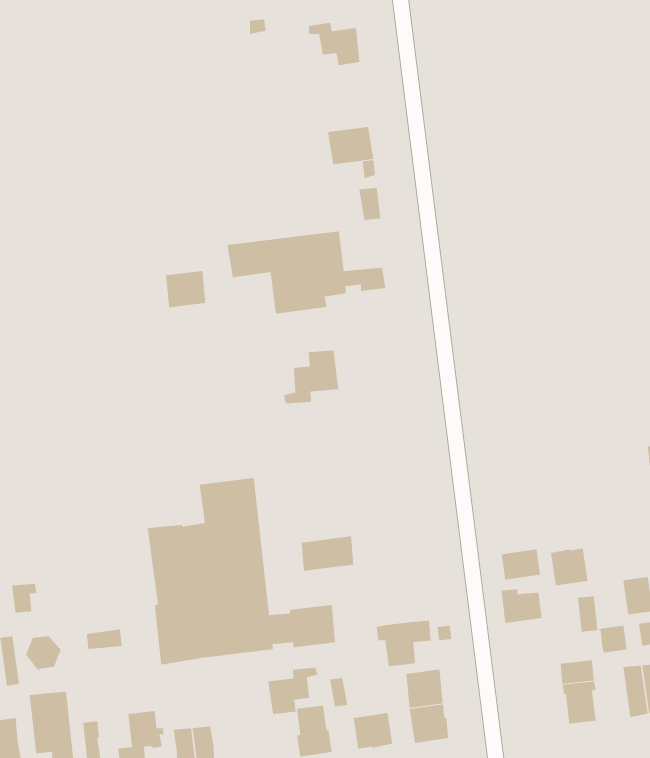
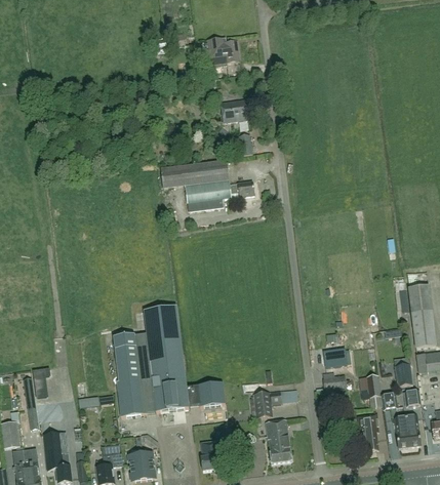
building: [166,270,206,308] -> none
building: [283,350,339,404] -> none
building: [301,536,354,572] -> none
building: [551,548,588,586] -> none
building: [268,667,318,715] -> none
building: [353,712,393,750] -> none

